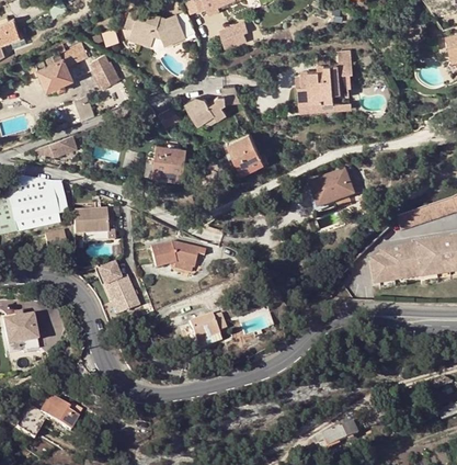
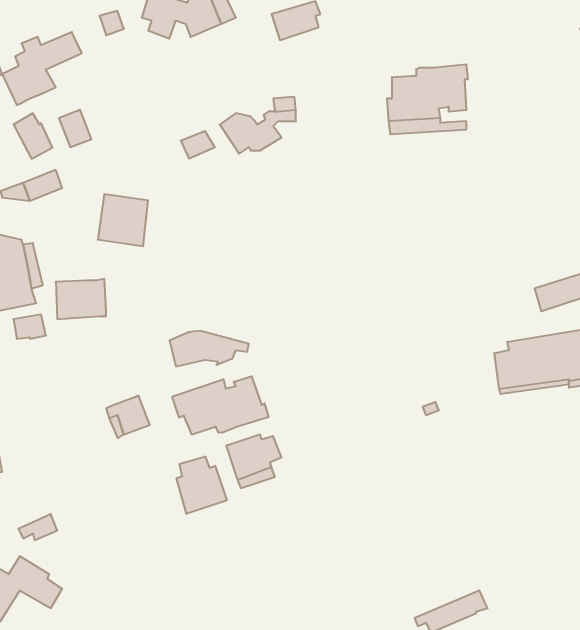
building: [91,54,117,84] -> [13,113,52,159]
building: [227,134,267,172] -> none
building: [151,145,185,180] -> [98,194,148,246]
building: [308,169,355,207] -> none
building: [96,261,129,295] -> none
building: none -> [172,376,269,435]
building: none -> [177,456,227,514]

